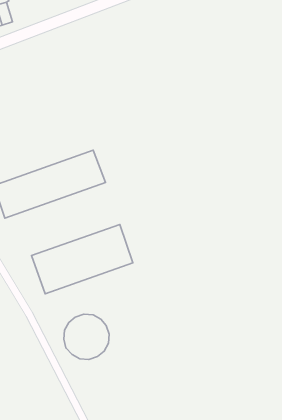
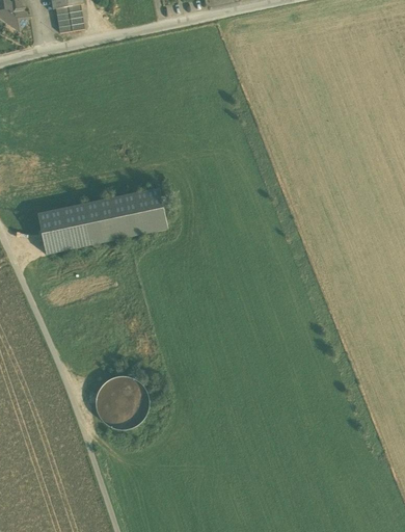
building: [31,224,133,294] -> none

